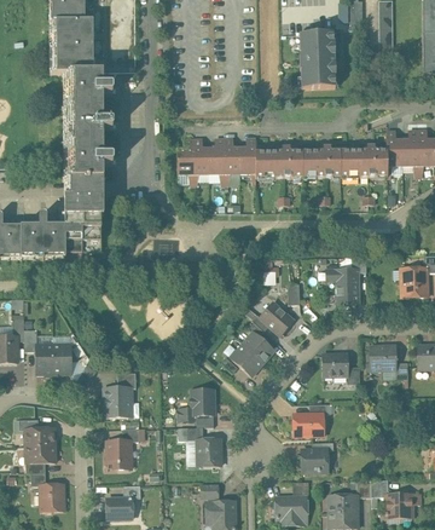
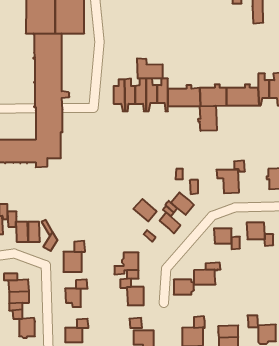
building: [298,31,335,87] -> none
building: none -> [137,58,163,79]
building: none -> [198,106,217,131]
building: [230,342,263,375] -> [133,199,157,221]
building: [301,449,330,471] -> [174,280,194,295]

